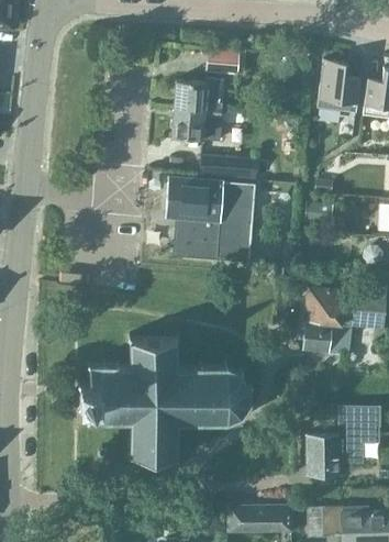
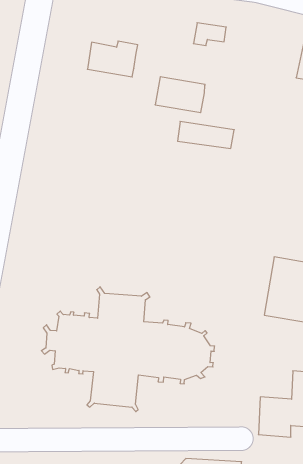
building: [176,78,226,114] -> [87,41,138,77]
building: [166,178,256,262] -> none

